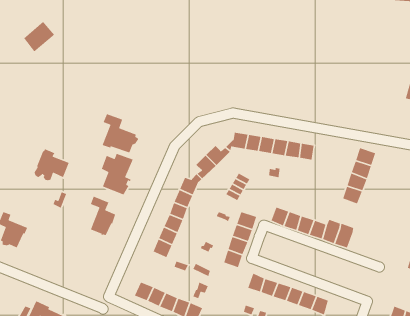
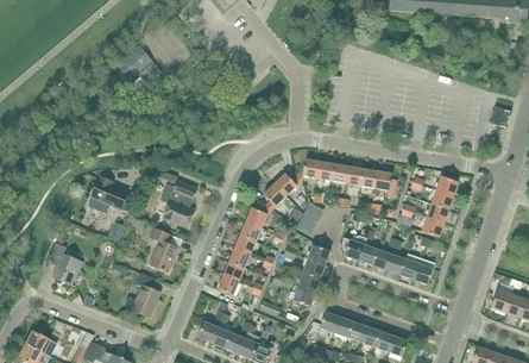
building: [23,21,55,53] -> [118,45,152,80]
building: [102,113,139,154] -> none
building: none -> [126,273,160,317]

